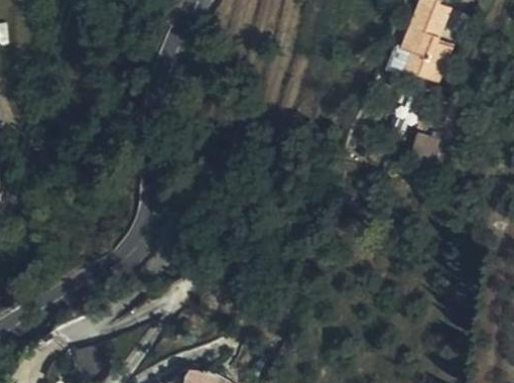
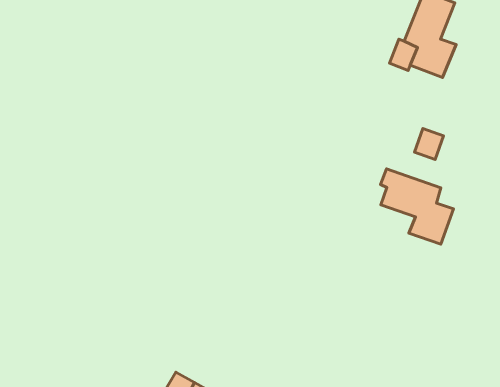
building: none -> [380,169,453,244]

